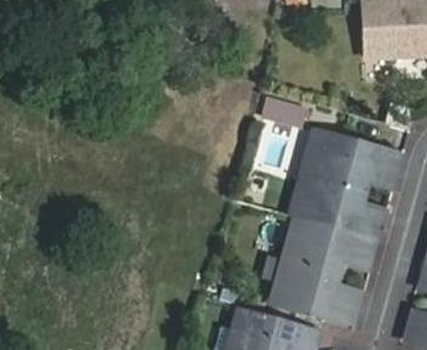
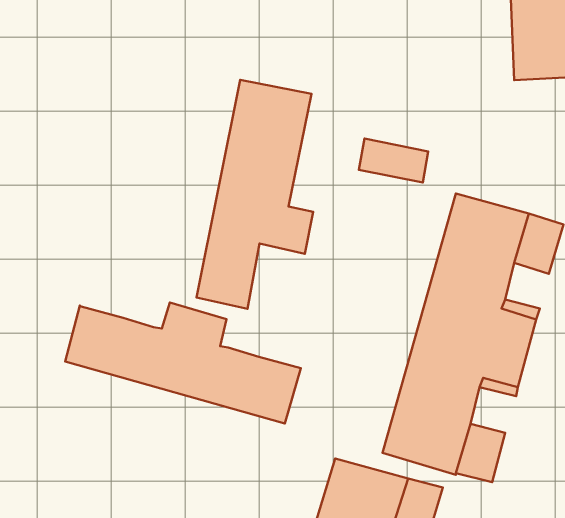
building: none -> [196,80,313,309]
building: none -> [65,303,301,423]

